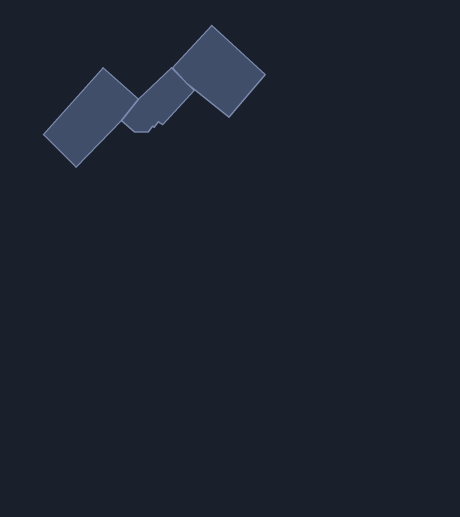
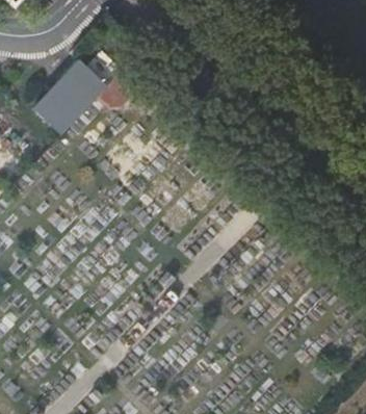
building: [173,25,265,117] -> none

